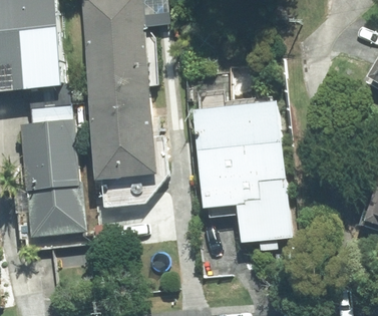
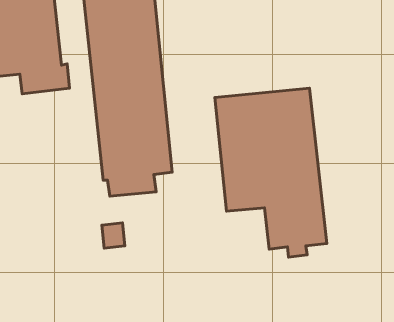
building: [18,101,85,237] -> none

